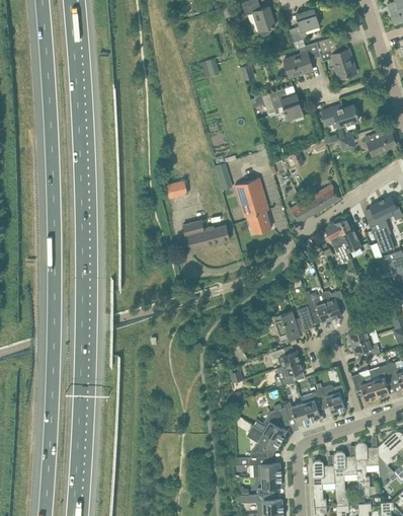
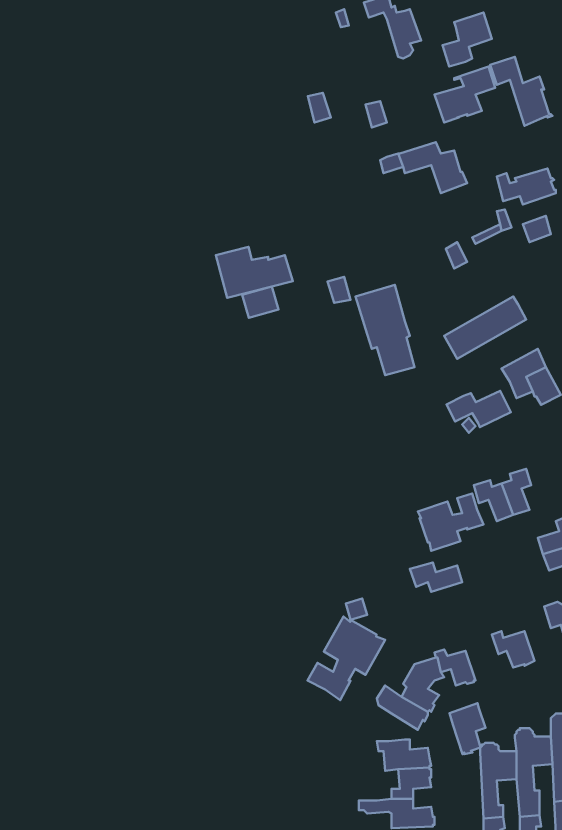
building: [182,219,230,250] -> [216,247,293,298]
building: none -> [446,391,511,427]
building: [274,361,304,386] -> none
building: none -> [308,617,385,700]
building: [301,390,323,422] -> [449,703,486,754]

